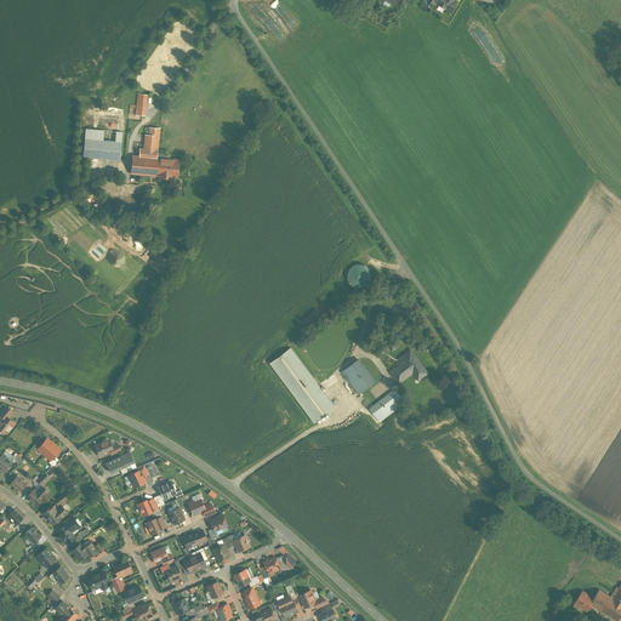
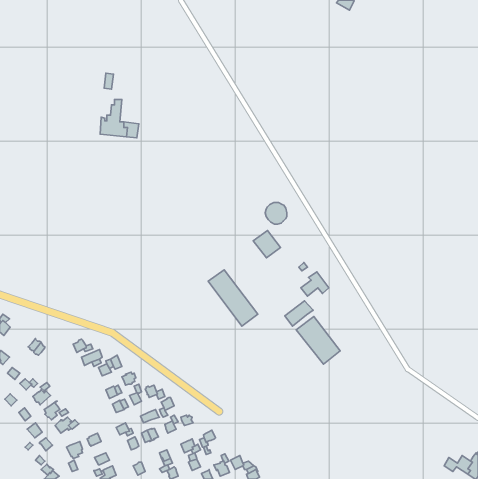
building: [82,130,121,160] -> none
building: [340,360,375,395] -> [253,231,281,258]
building: none -> [296,316,340,364]

